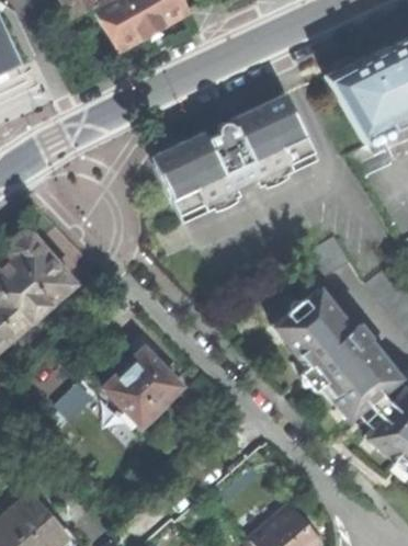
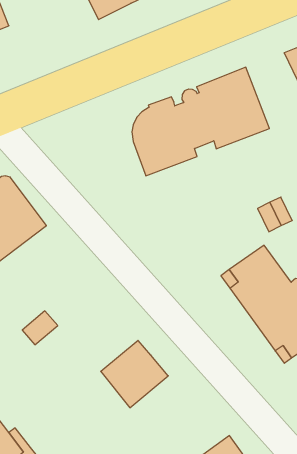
building: [104,349,180,424] -> [101,340,168,408]

